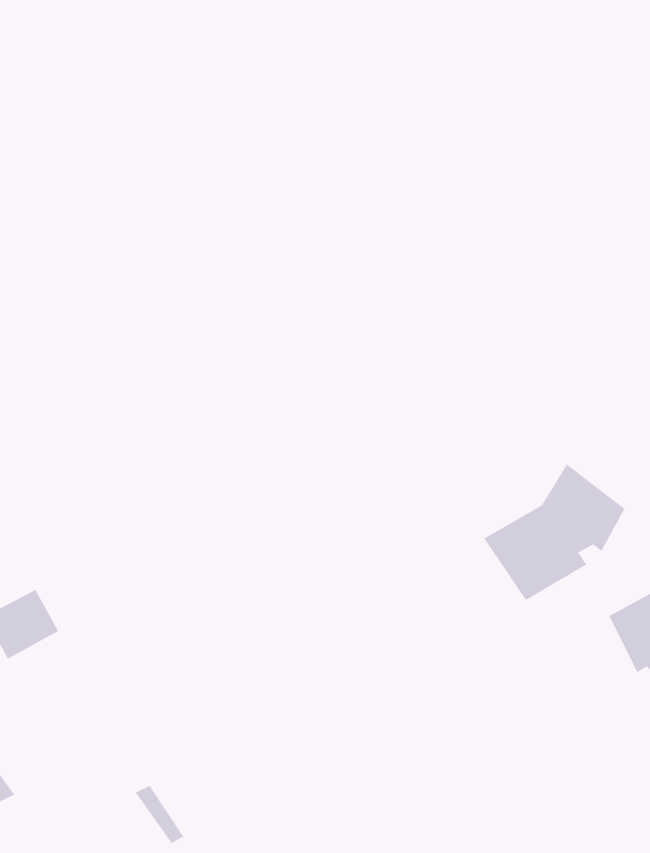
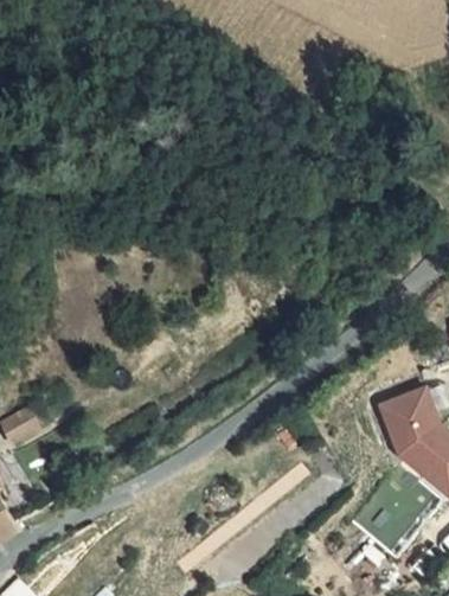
building: [483,463,625,601] -> none

